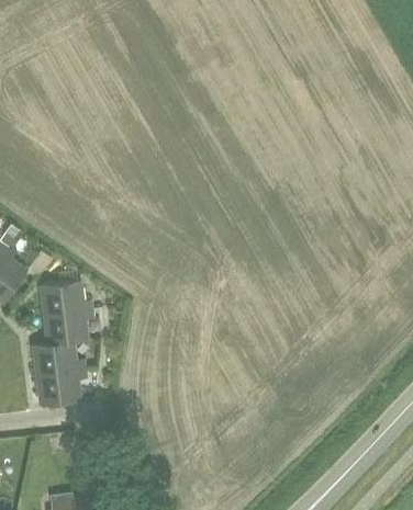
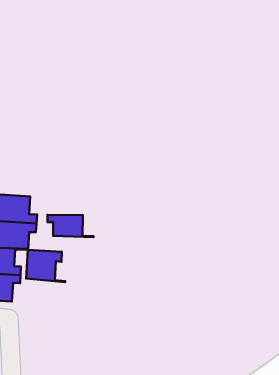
building: none -> [47,215,93,237]
building: none -> [26,250,65,282]

